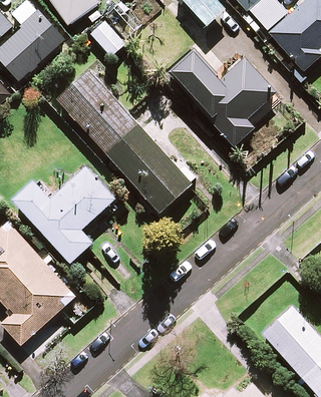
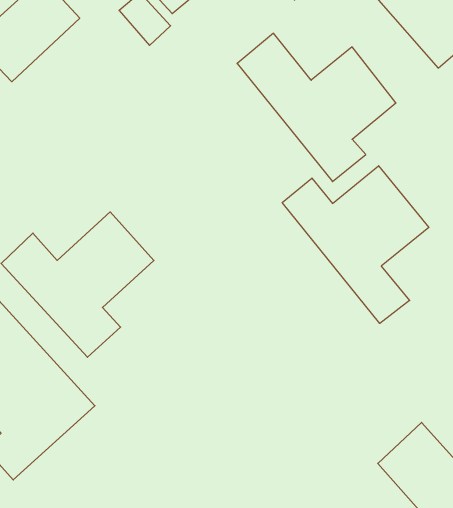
building: [57,70,191,213] -> none
building: none -> [282,166,429,323]

